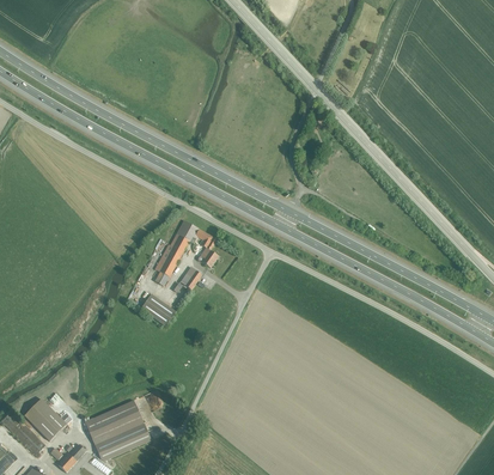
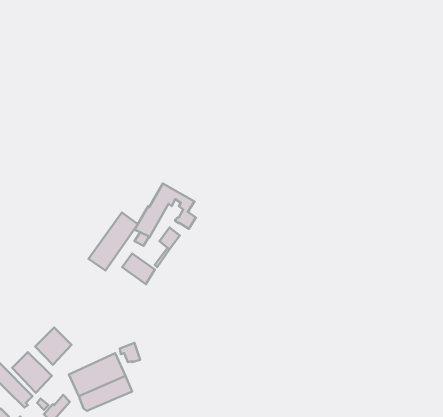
building: none -> [89,212,138,271]
building: none -> [35,328,71,365]

